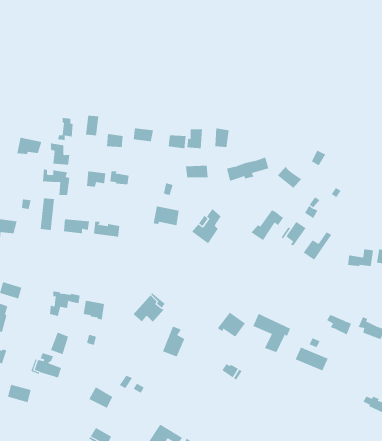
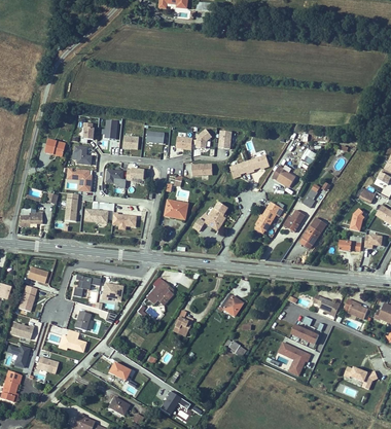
building: [252,313,291,353] -> [277,342,311,377]

